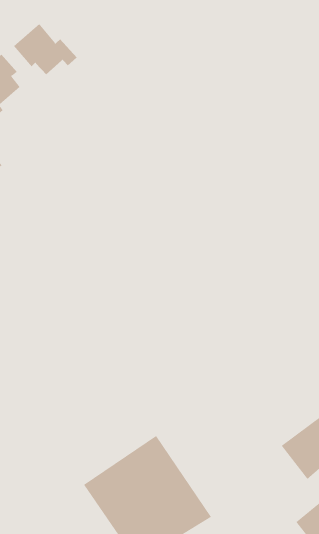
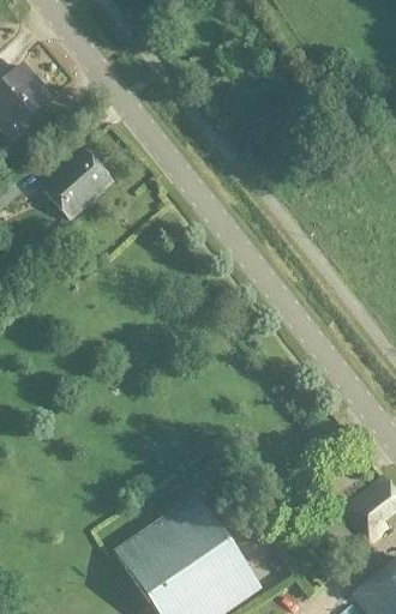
building: [13,23,77,75] -> none
building: none -> [40,148,114,221]

